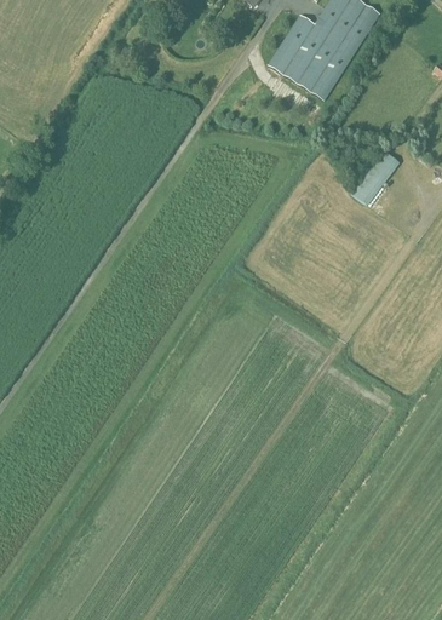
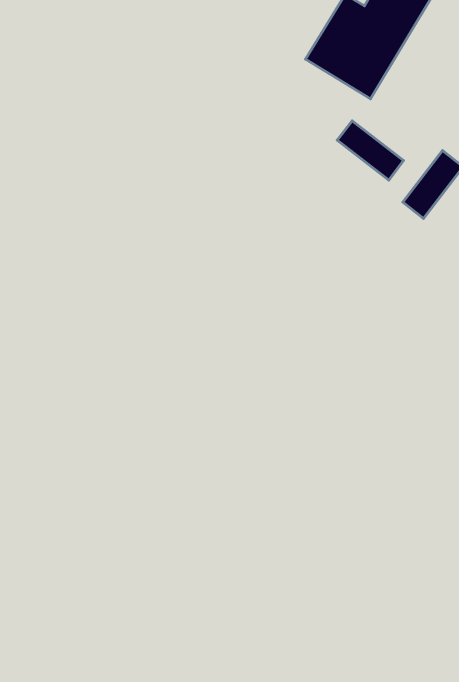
building: none -> [337,121,404,180]

